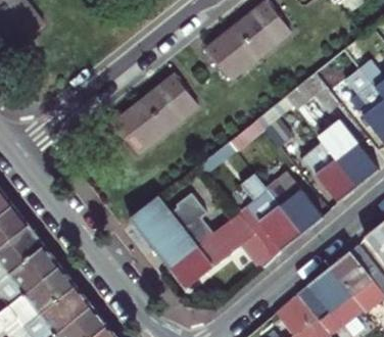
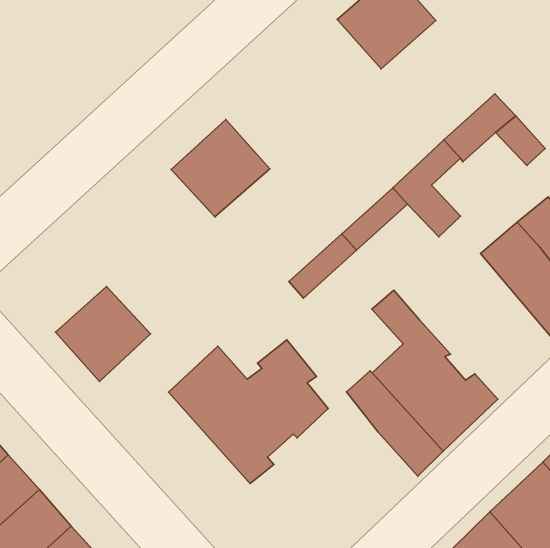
building: [204,27,255,78] -> none
building: [112,100,162,150] -> [55,286,150,382]
building: [267,173,322,233] -> none
building: [172,224,241,288] -> none

